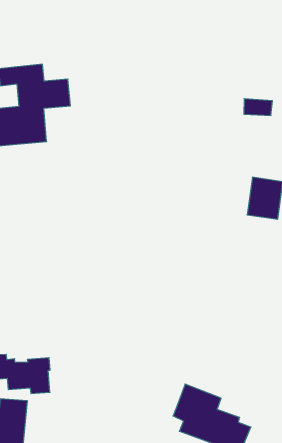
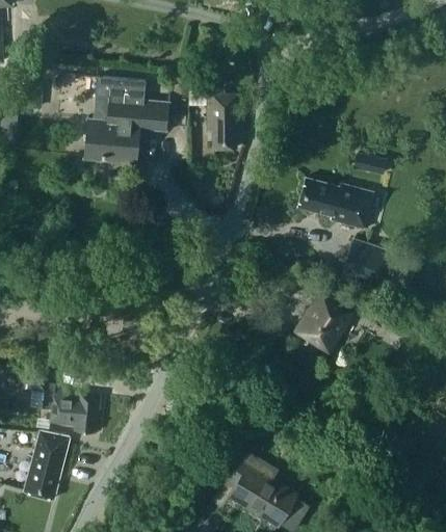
building: none -> [205,94,239,149]
building: none -> [296,179,372,231]
building: none -> [294,293,355,356]

